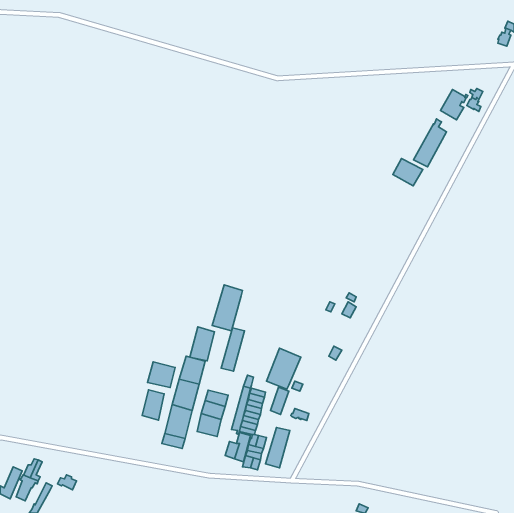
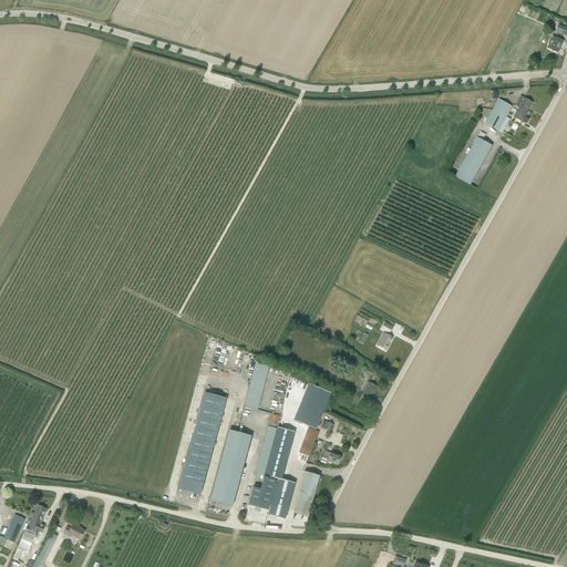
building: [393,159,423,186] -> none
building: [212,285,242,331] -> none
building: [190,327,214,361] -> none
building: [148,362,175,387] -> none
building: [142,390,164,420] -> none
building: none -> [210,475,239,505]

